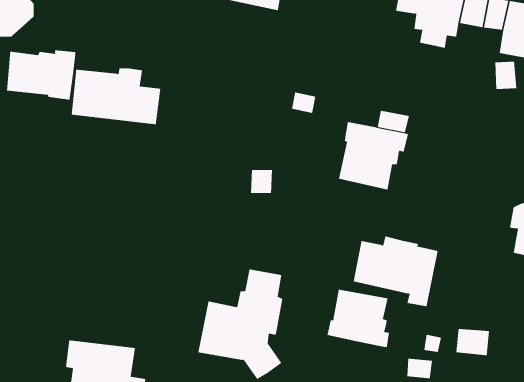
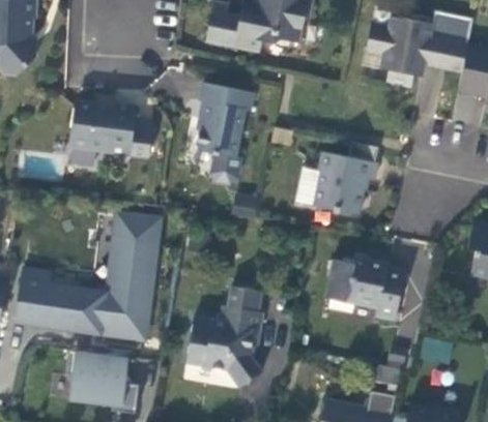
building: none -> [197,83,254,183]
building: [7,50,76,101] -> none
building: none -> [17,215,156,333]
building: [327,289,389,348] -> none

